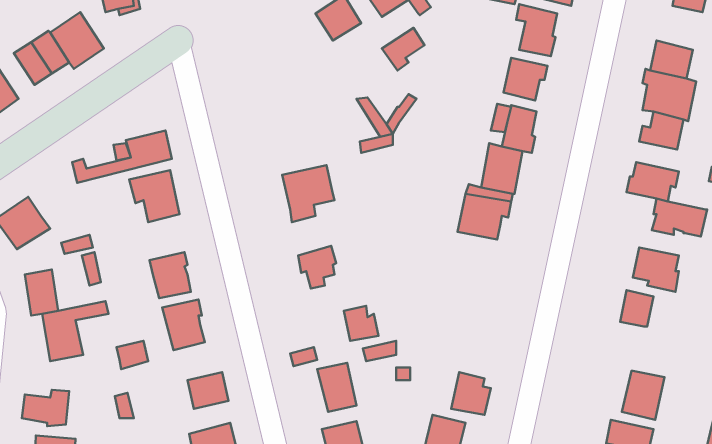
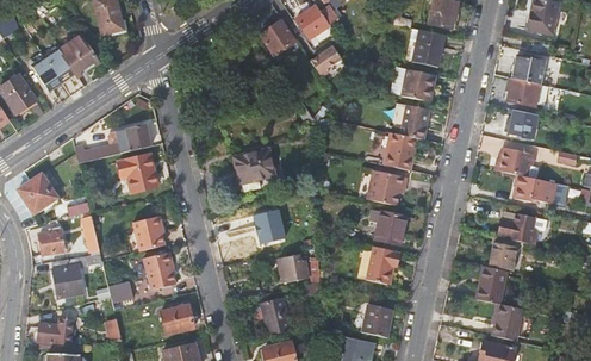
building: none -> [375,212,406,244]
building: none -> [367,247,397,284]
building: none -> [477,266,508,304]

